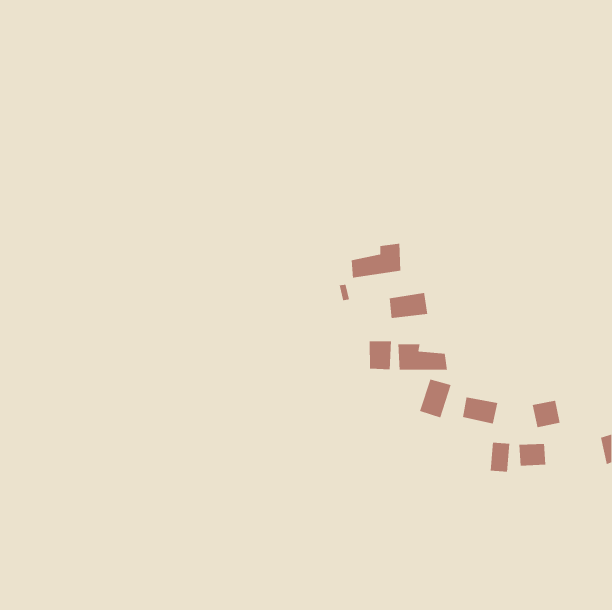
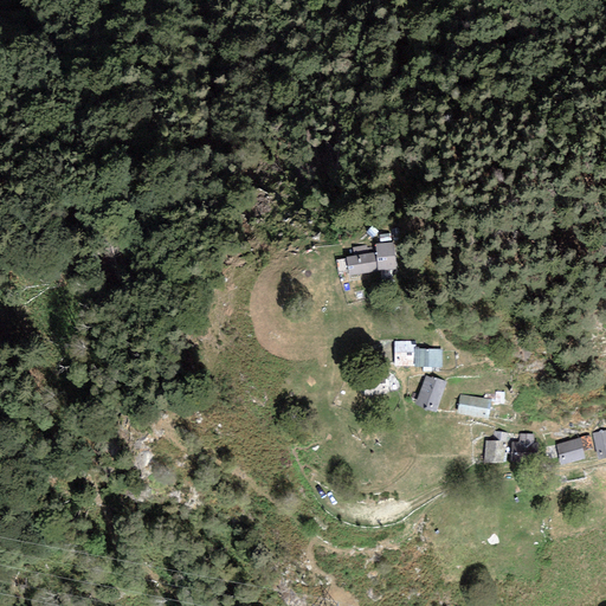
building: [389,292,428,319] -> none
building: [369,341,392,370] -> none
building: [532,400,561,428] -> [556,437,585,464]

